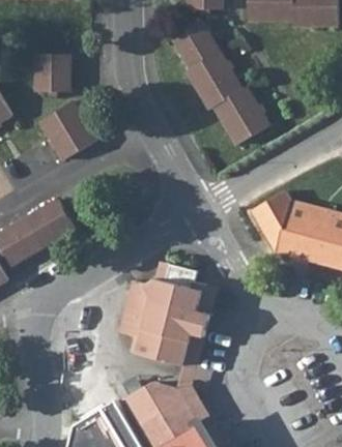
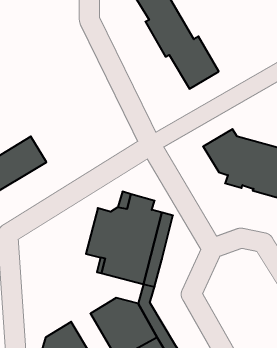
building: [35,54,68,91] -> none
building: [40,101,96,159] -> none

